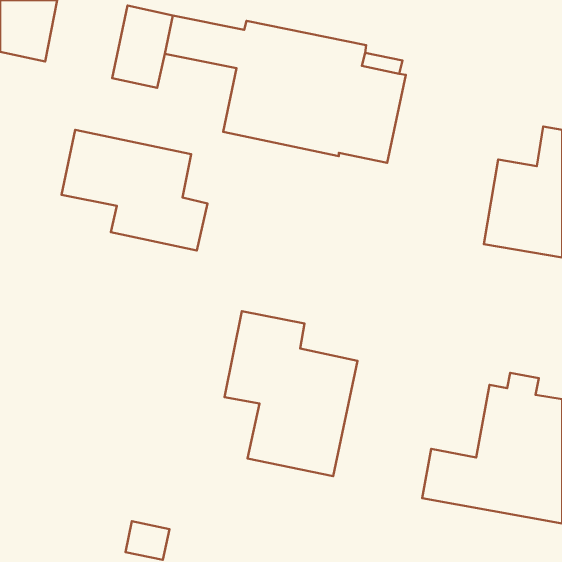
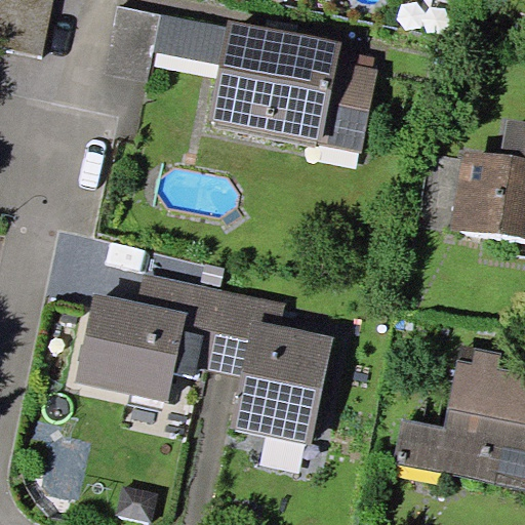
building: [61,130,208,250] -> none
building: none -> [75,273,226,402]

